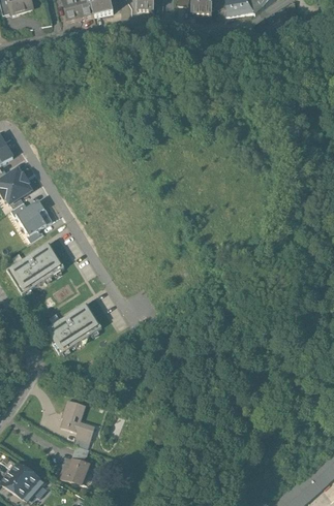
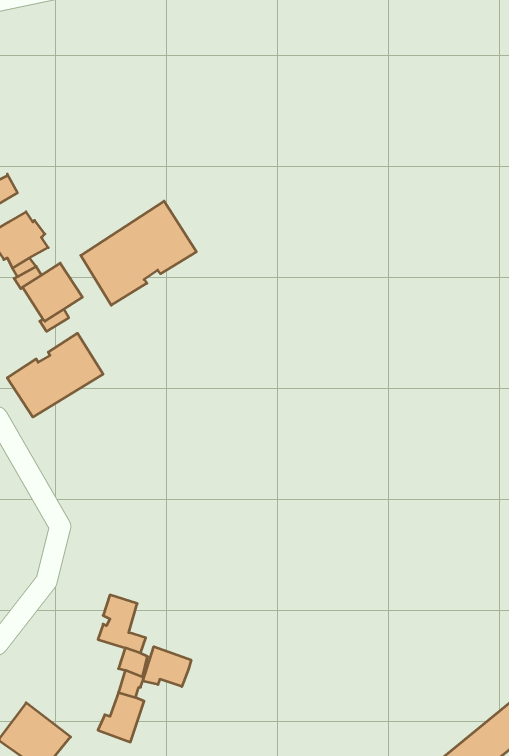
building: none -> [81,201,196,305]
building: [44,305,102,355] -> none
building: none -> [143,647,191,687]

